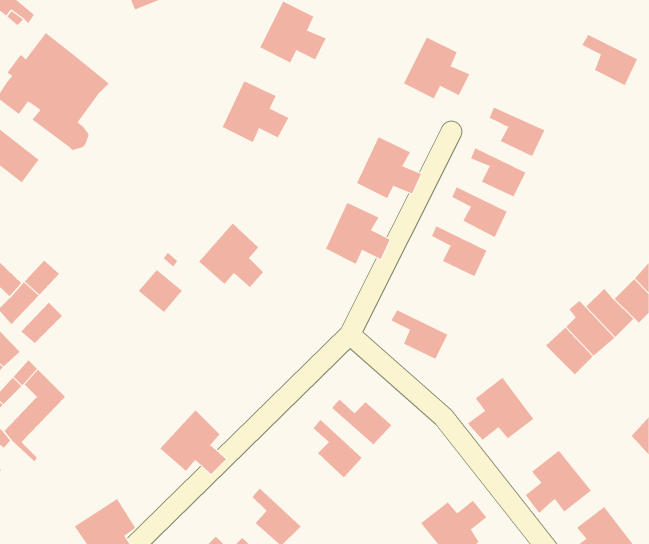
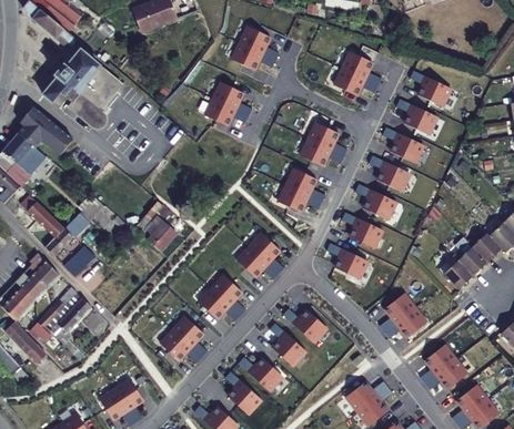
building: [582,34,638,86] -> [409,72,449,109]
building: [198,222,264,288] -> [238,233,284,279]
building: none -> [341,214,381,249]
building: none -> [199,275,246,321]
building: none -> [239,357,282,390]

